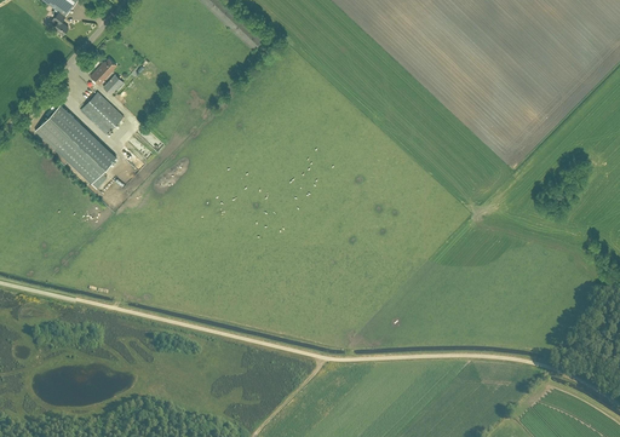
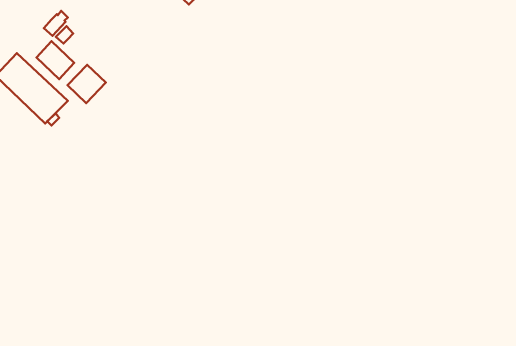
building: none -> [67,65,106,103]

